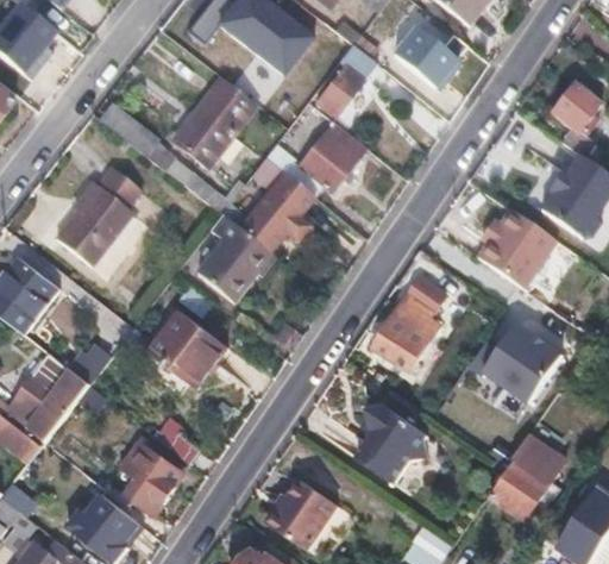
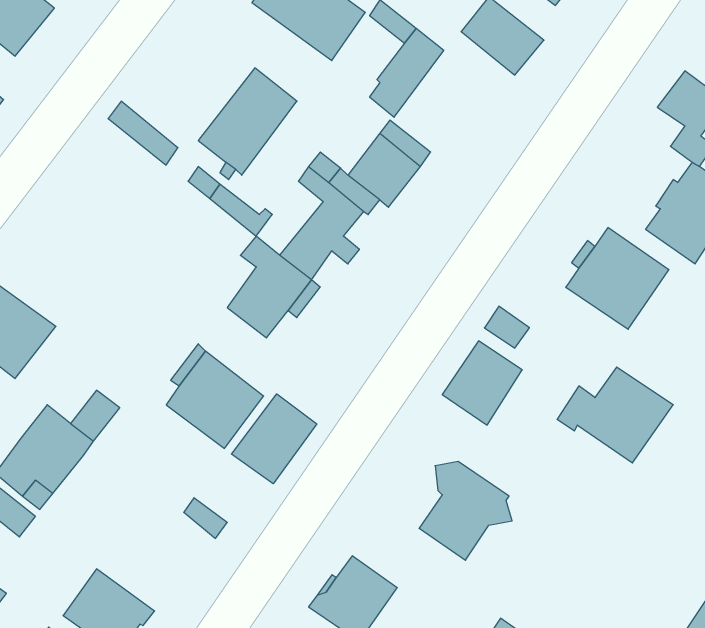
building: [54,165,142,265] -> none
building: none -> [231,394,317,484]
building: [489,435,564,516] -> none
building: [127,444,183,514] -> none

